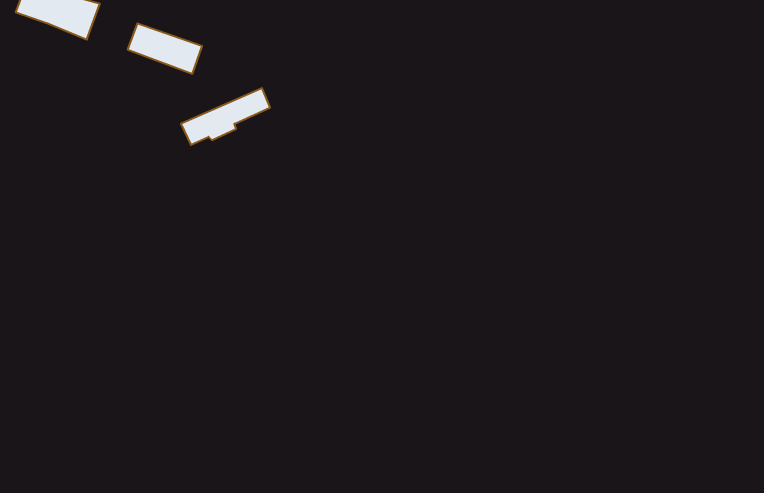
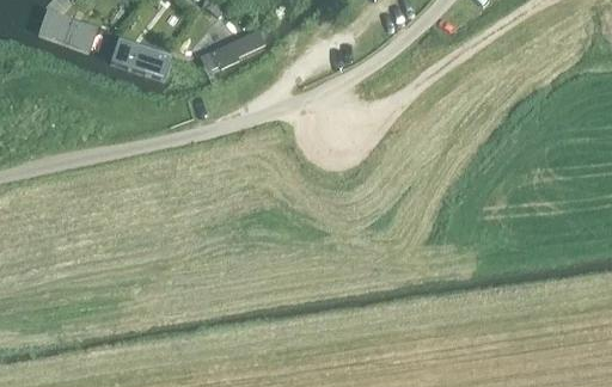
building: [181,88,270,145] -> [200,27,265,69]

